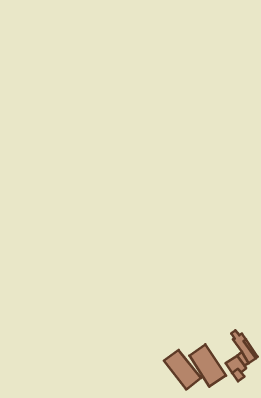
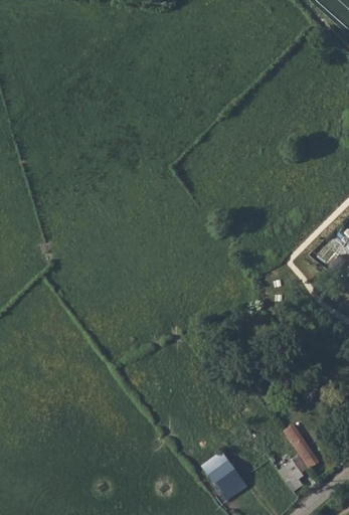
building: [189,344,226,387] -> none

